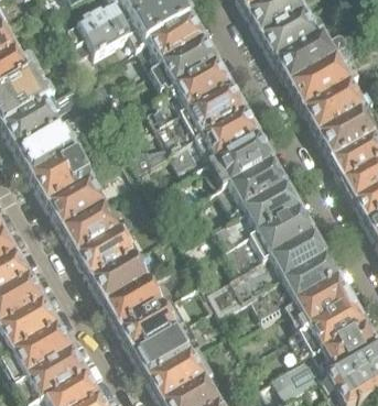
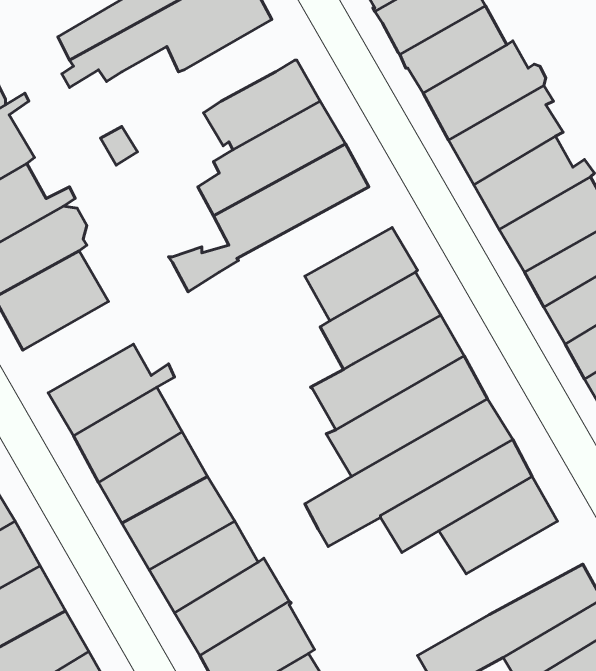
building: [143,19,206,65] -> none
building: [173,113,261,172] -> none
building: [52,178,115,230] -> none
building: [303,303,369,355] -> none

